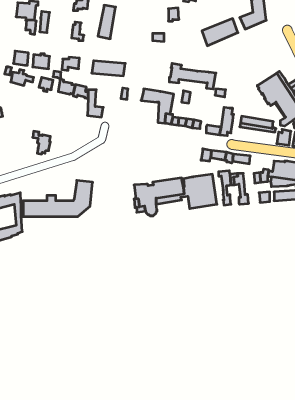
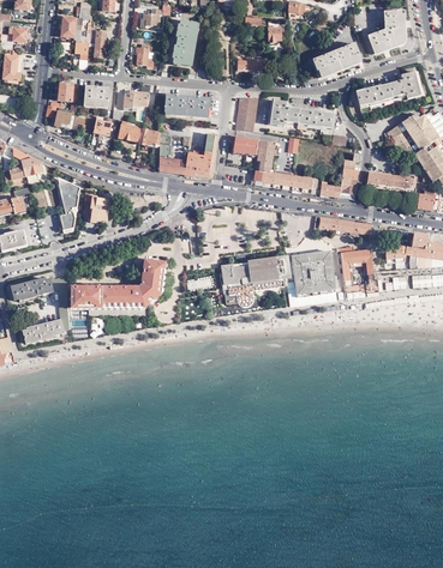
building: none -> [355,72,420,113]
building: none -> [235,97,257,132]
building: none -> [184,151,215,177]
building: none -> [59,180,79,231]

